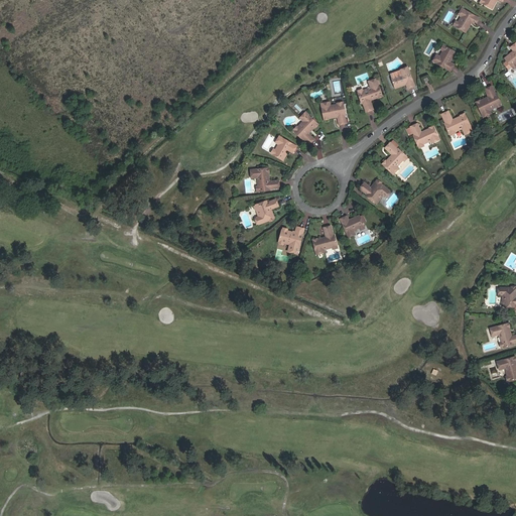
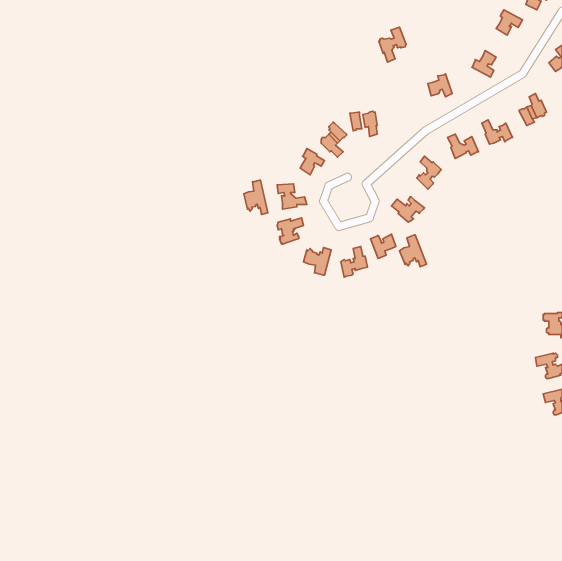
building: [358,80,383,112] -> [379,27,406,62]
building: none -> [244,180,268,214]
building: none -> [400,235,427,267]

